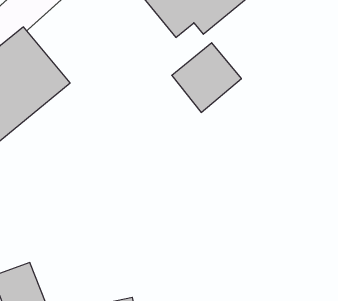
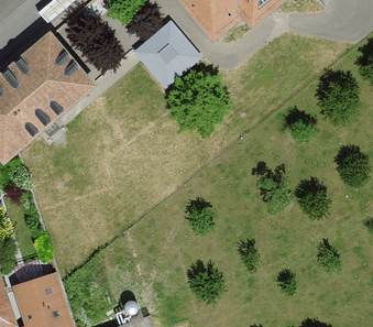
building: [172,43,241,112] -> [131,19,204,91]

